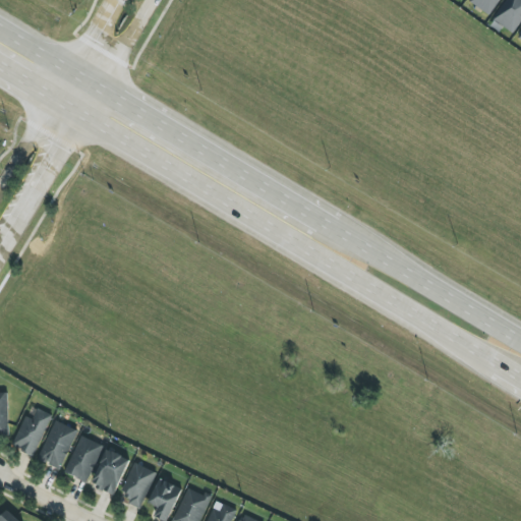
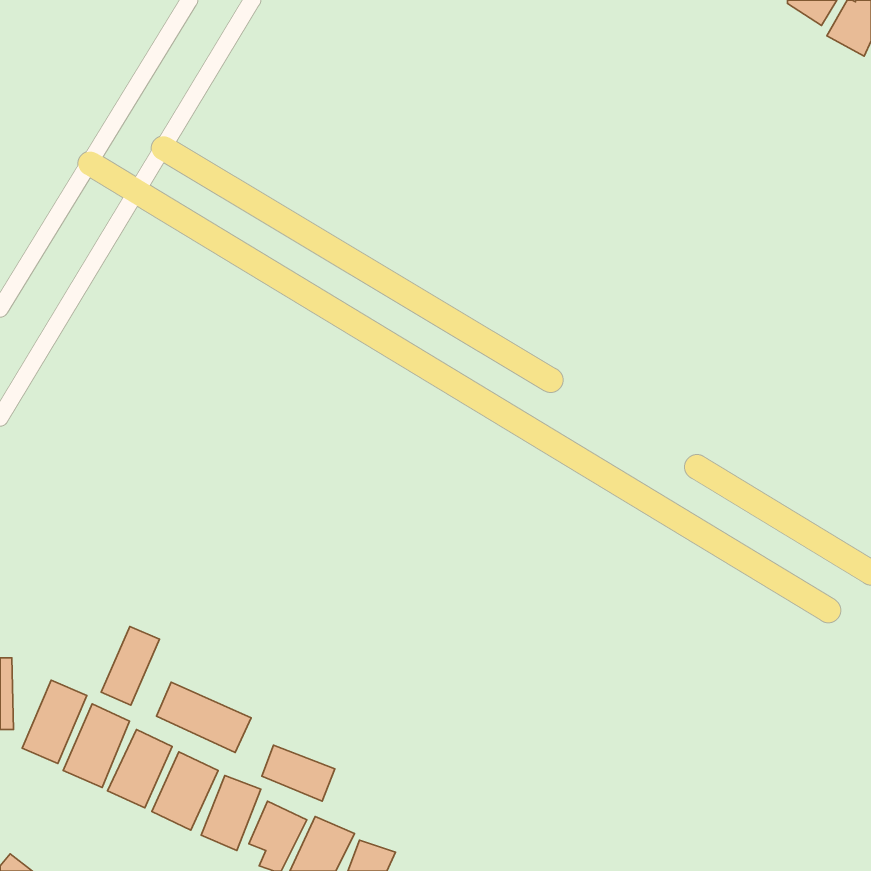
building: none -> [101,627,159,705]
building: none -> [156,682,251,753]
building: none -> [262,745,335,801]

